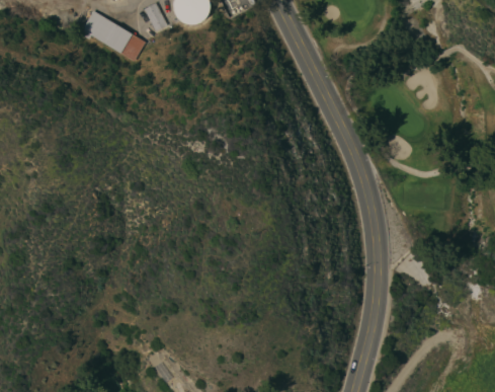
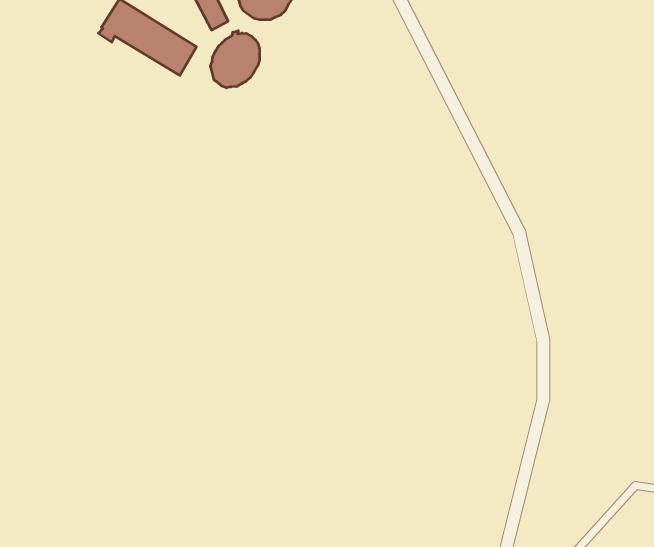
building: none -> [210,31,259,88]

